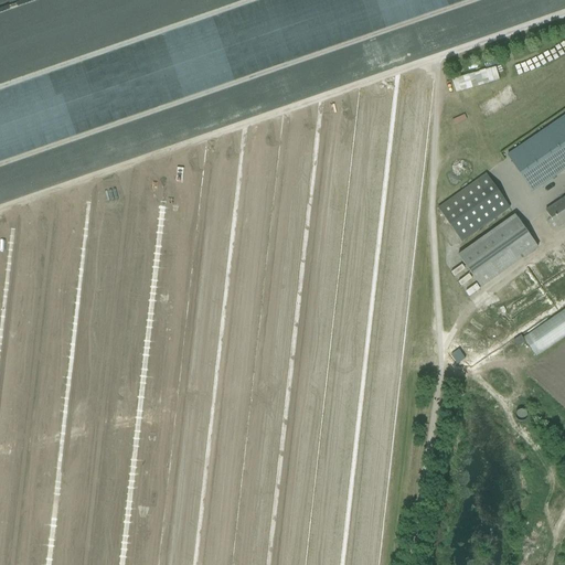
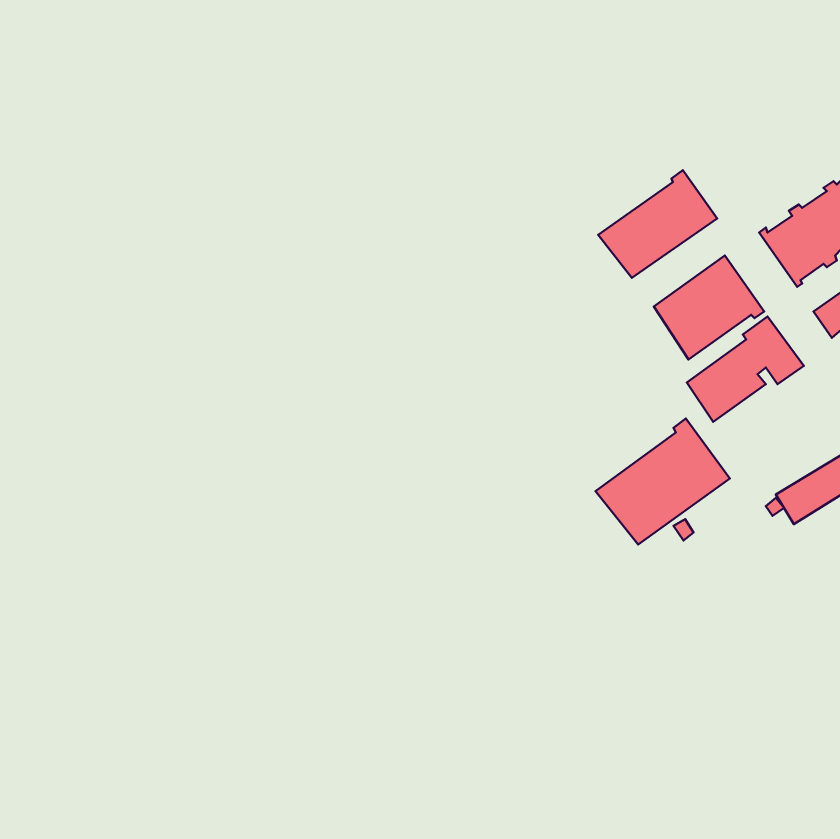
building: none -> [598,170,717,278]
building: none -> [595,418,730,545]

